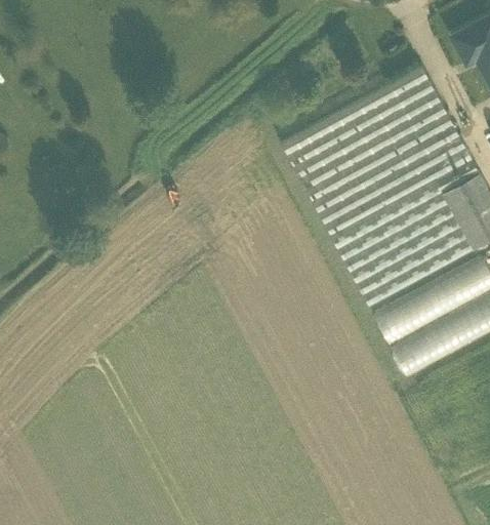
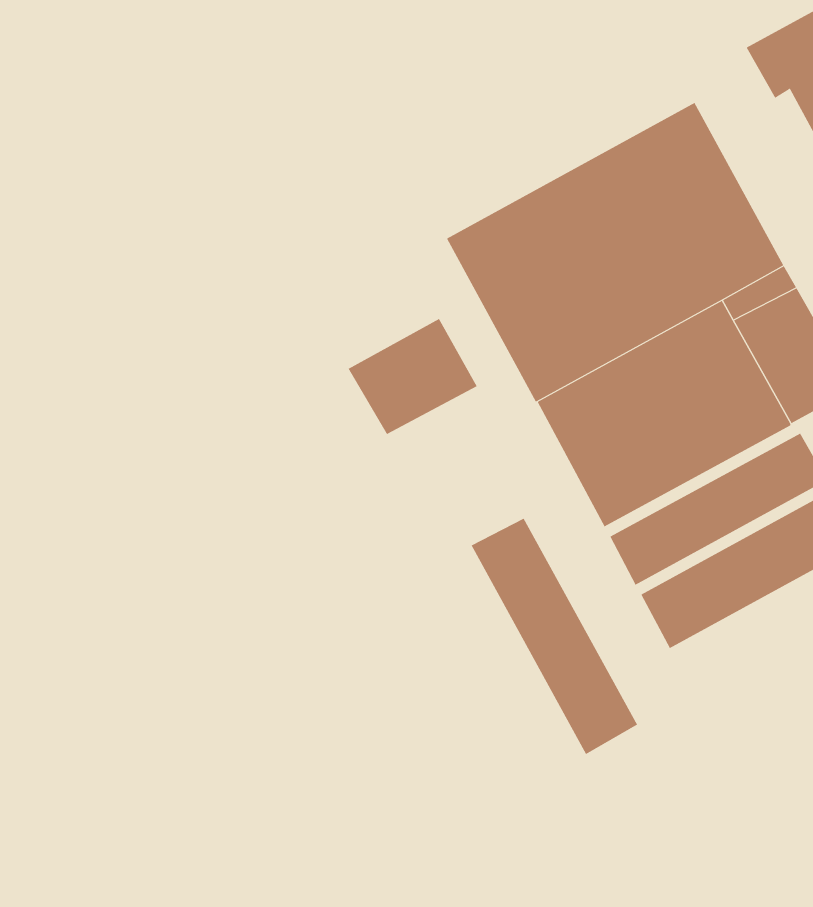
building: none -> [348,318,478,435]
building: none -> [471,518,638,755]

